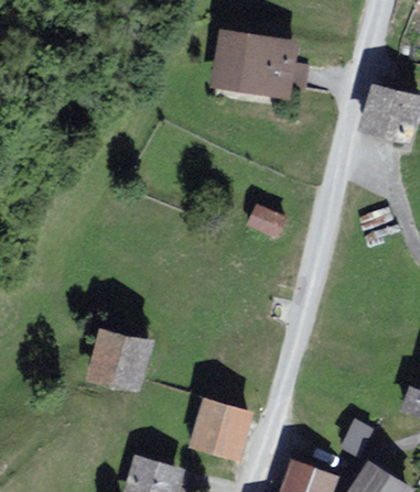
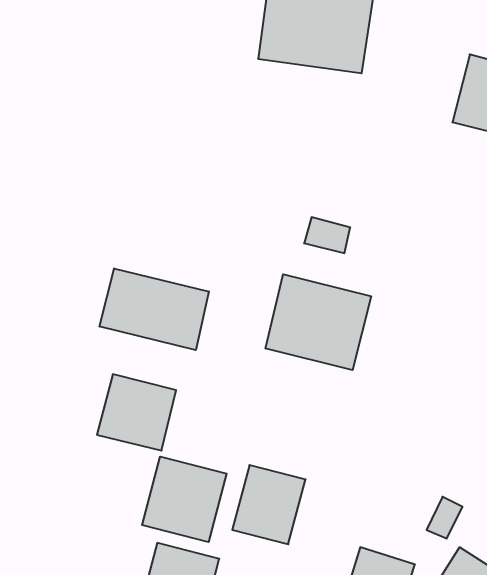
building: none -> [100,268,209,350]
building: none -> [266,274,371,370]
building: none -> [142,457,227,542]

